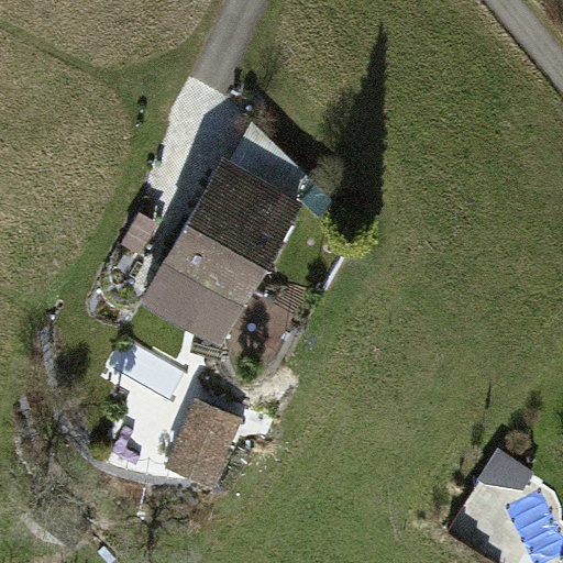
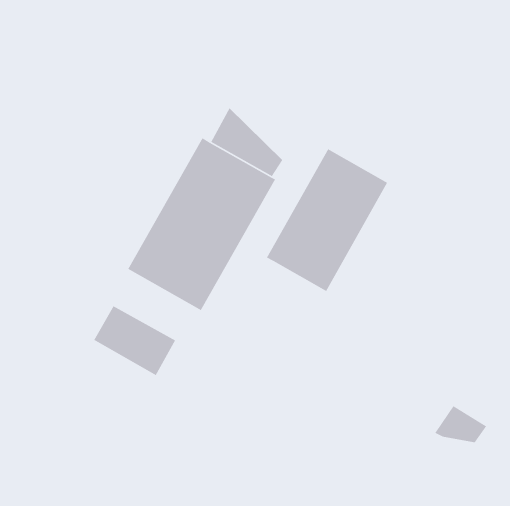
building: none -> [266,148,388,292]
building: [166,400,243,490] -> none

